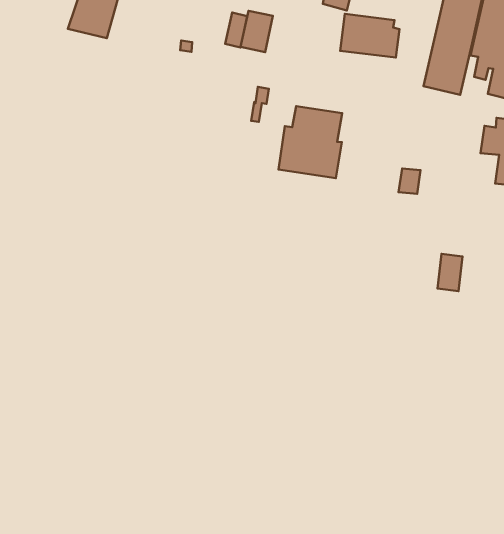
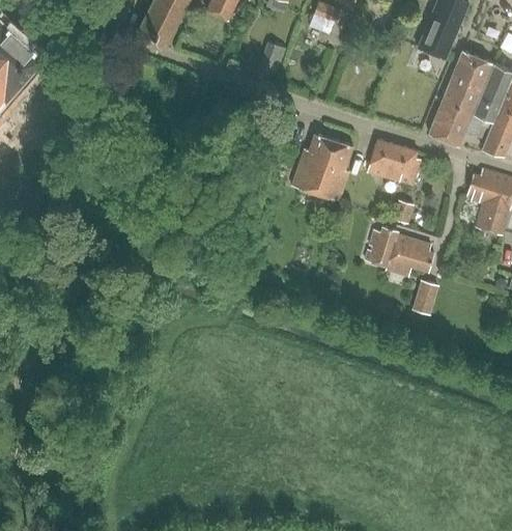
building: [241,11,273,52] -> none
building: [340,14,400,57] -> [367,139,421,184]
building: none -> [366,228,433,276]

